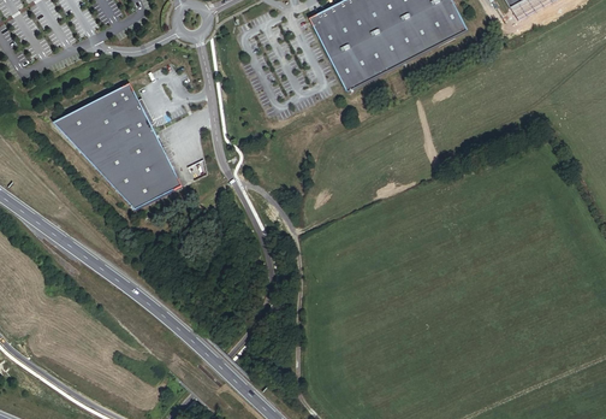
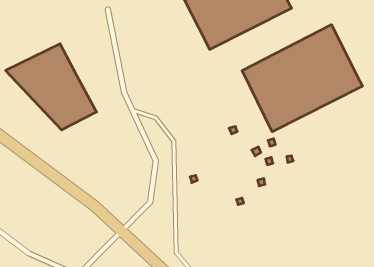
building: none -> [242,25,362,132]

